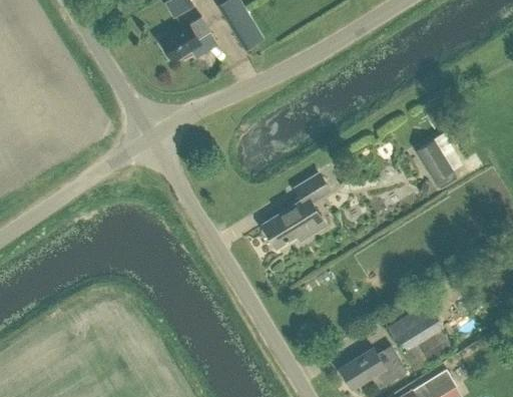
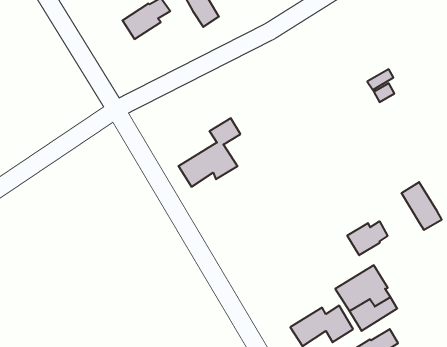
building: [415,137,458,188] -> [401,182,442,230]
building: [263,174,329,248] -> [178,118,240,187]
building: none -> [347,221,388,255]

